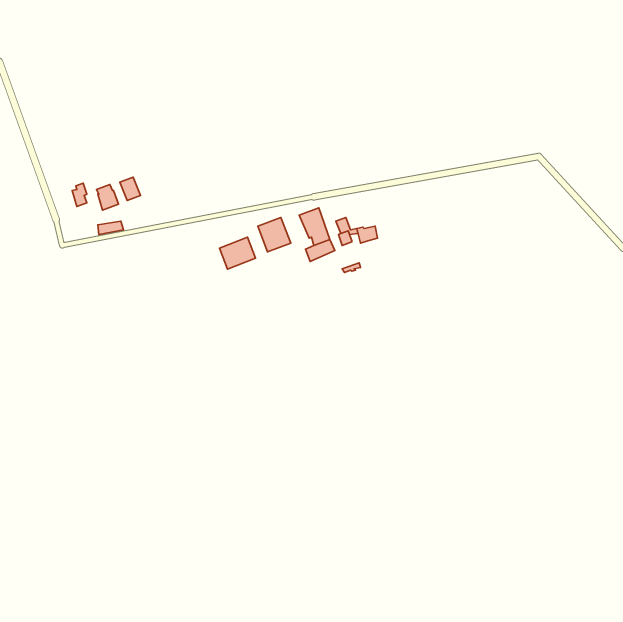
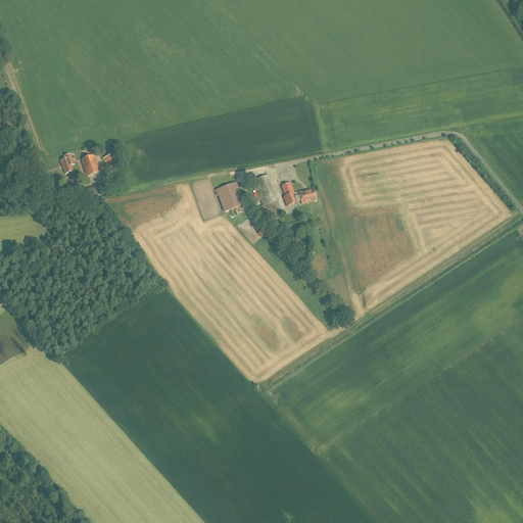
building: [219,237,255,269] -> none

